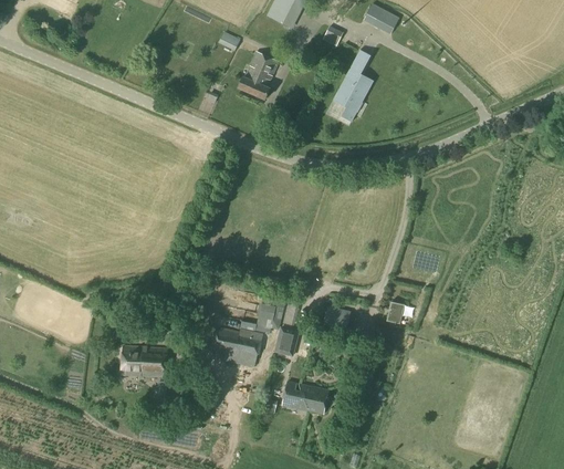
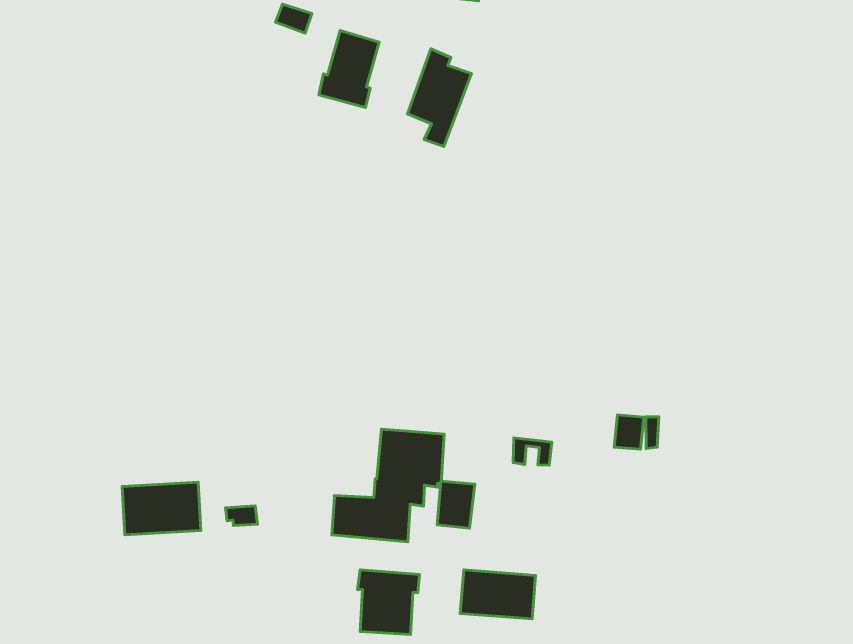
building: [332,62,373,121] -> [408,49,472,146]
building: [119,345,167,377] -> [122,482,201,535]
building: none -> [357,570,420,634]

